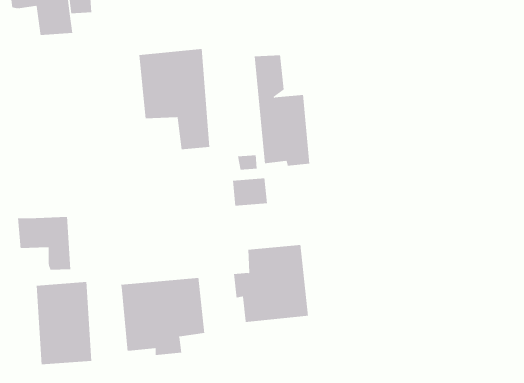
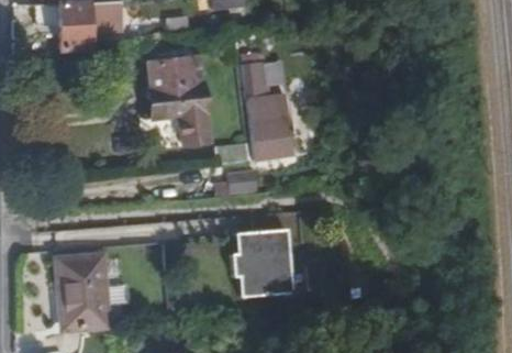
building: [18,216,71,270] -> none
building: [120,277,205,356] -> none

